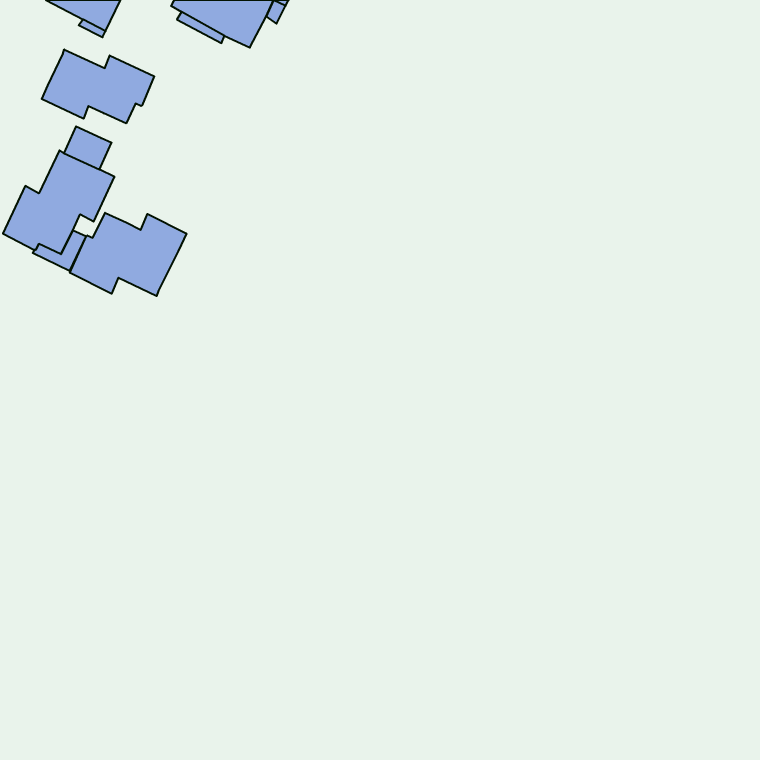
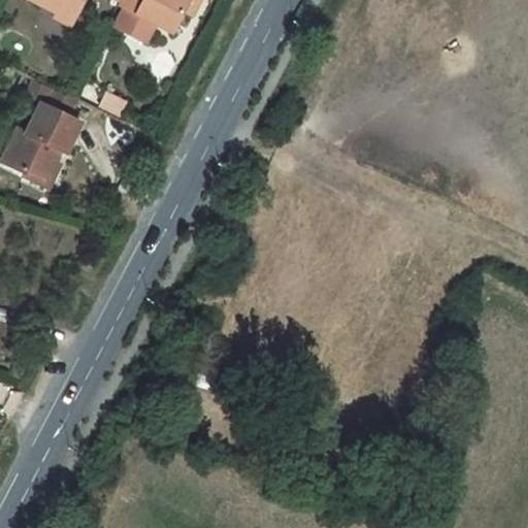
building: [42,49,154,123] -> none
building: [70,213,186,296] -> none

